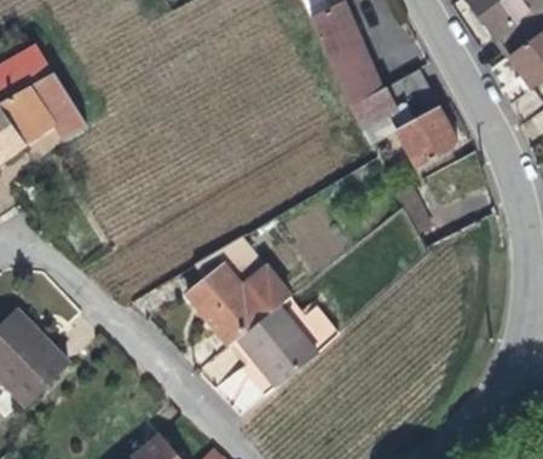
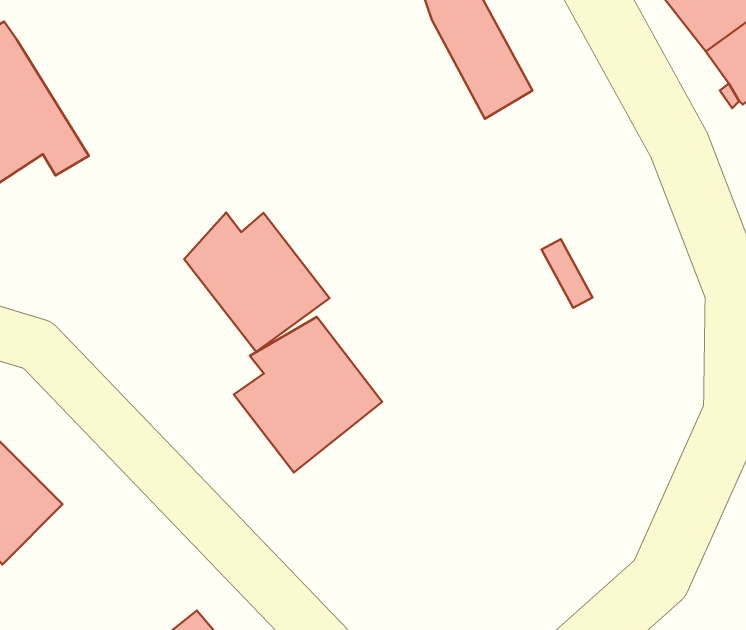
building: [350,69,461,169] -> none
building: none -> [184,212,329,352]
building: [227,296,337,395] -> none

